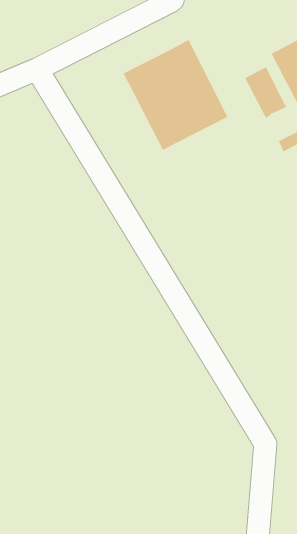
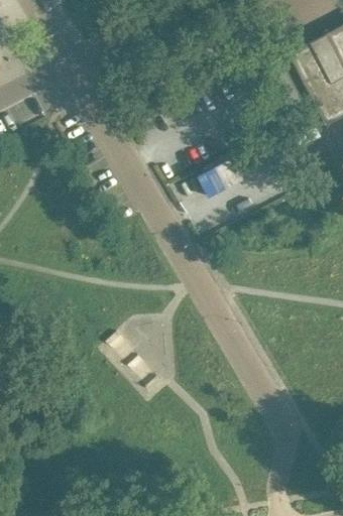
building: [123,39,228,151] -> none

